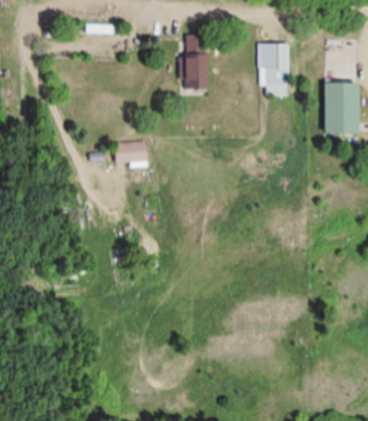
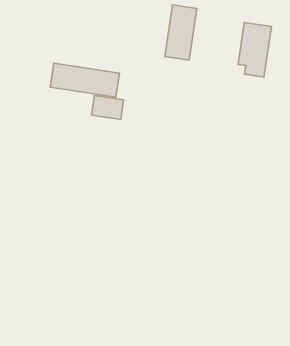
building: none -> [50,63,119,97]

